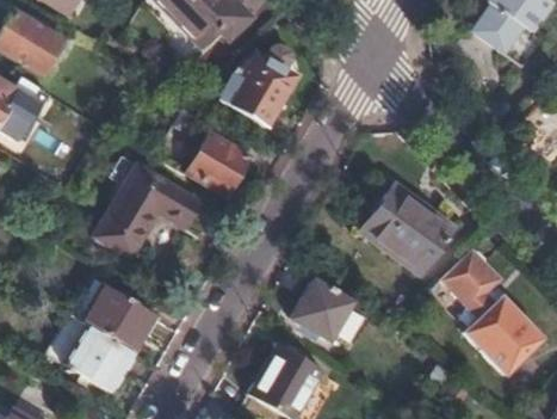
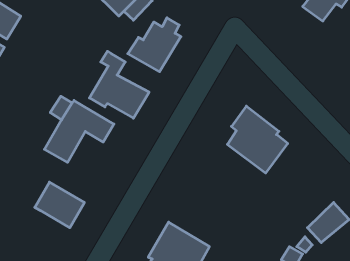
building: [434,248,520,352] -> none
building: [291,282,353,341] -> none
building: [54,318,135,390] -> none

